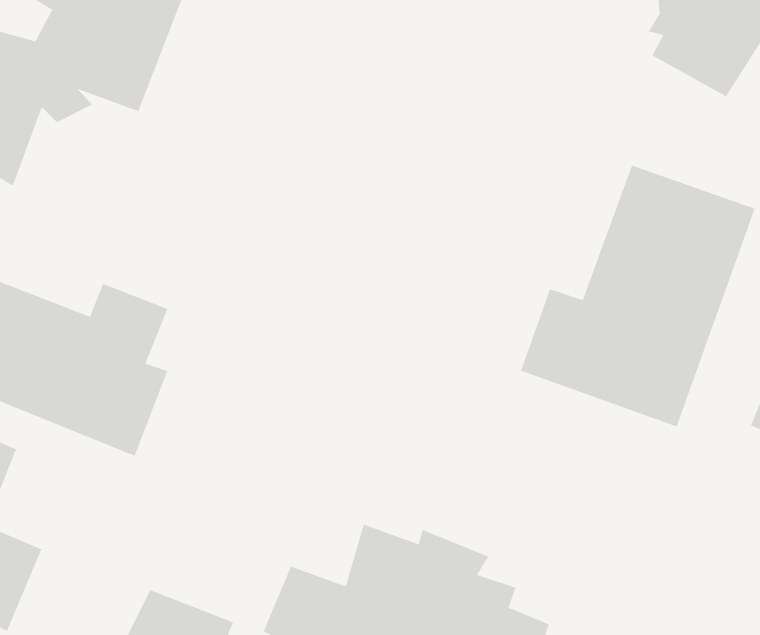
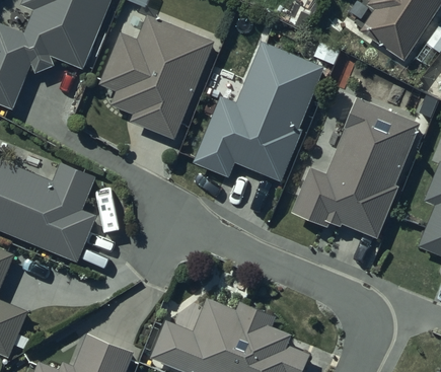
building: none -> [99,13,217,142]
building: none -> [193,42,323,181]

